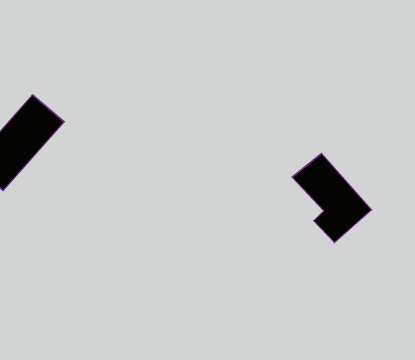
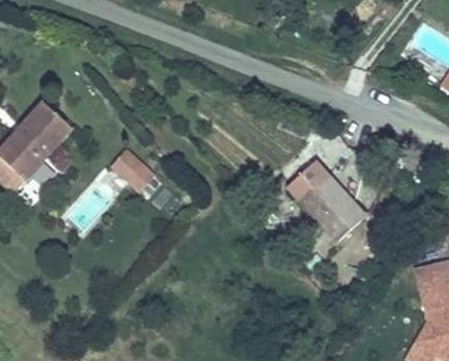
building: none -> [108,147,155,194]

